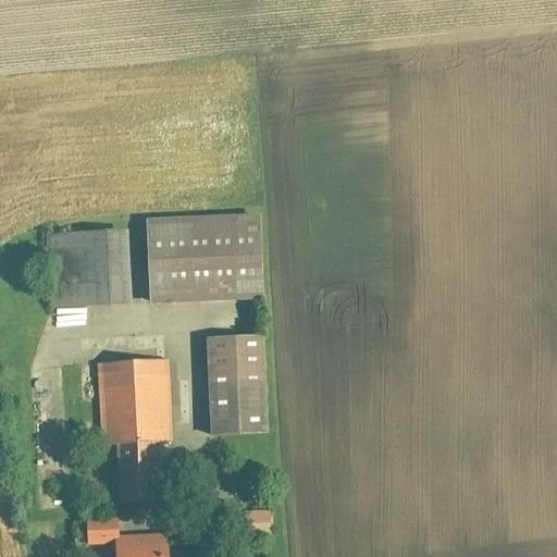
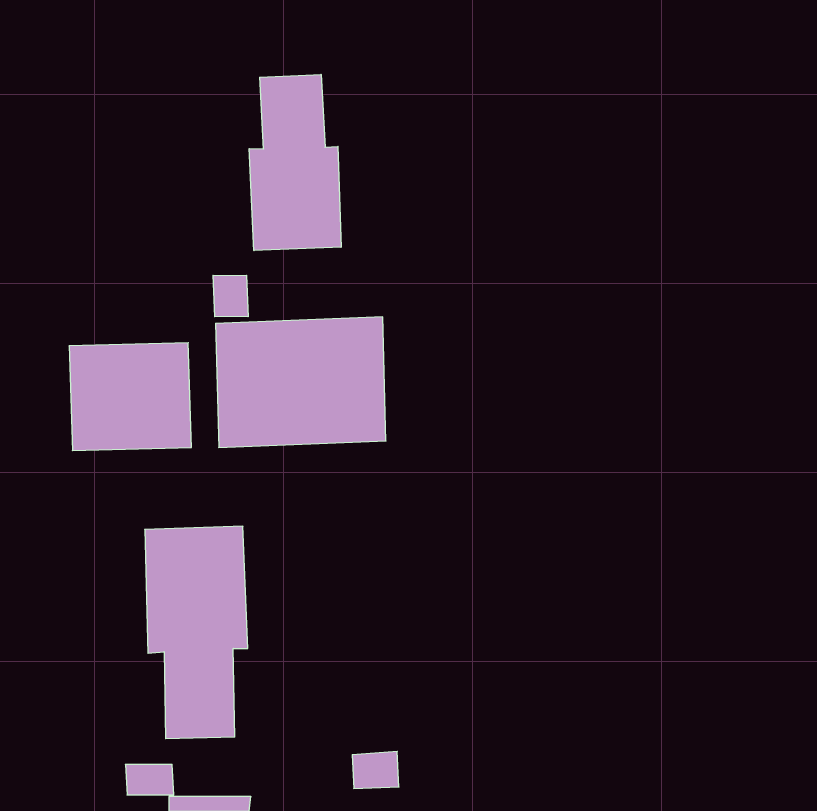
building: none -> [249,74,341,251]
building: none -> [213,275,248,317]
building: [210,335,269,430] -> none

